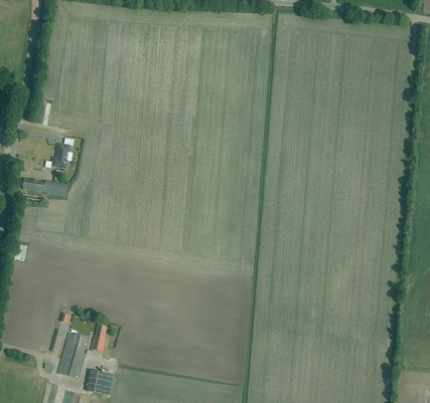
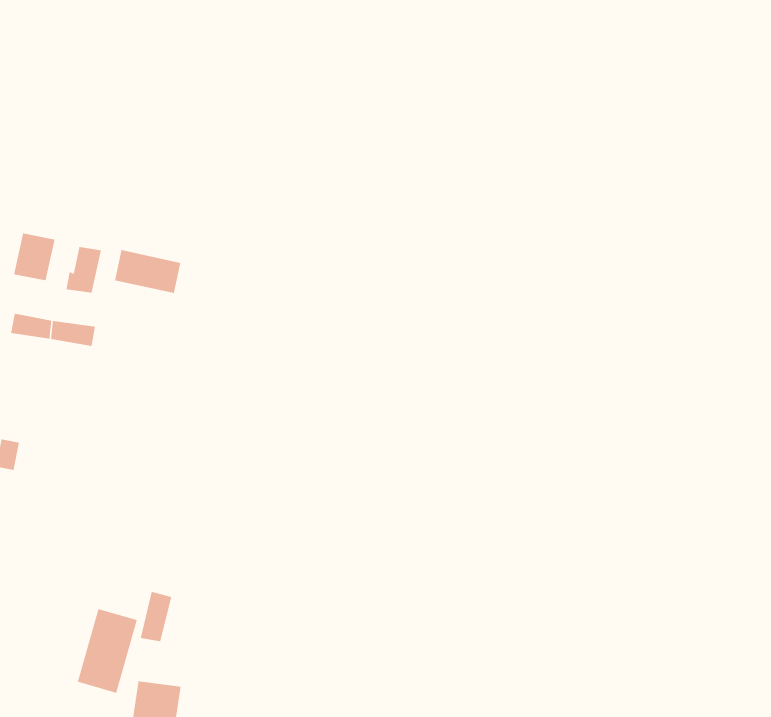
building: none -> [13,233,55,281]
building: none -> [114,249,181,294]

